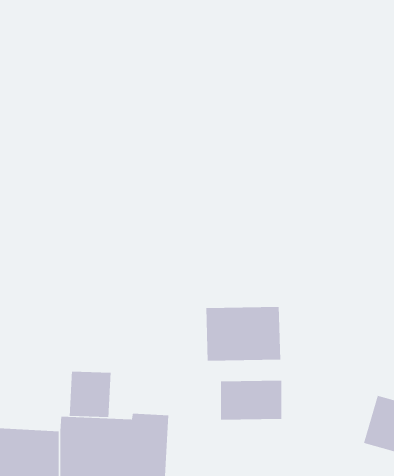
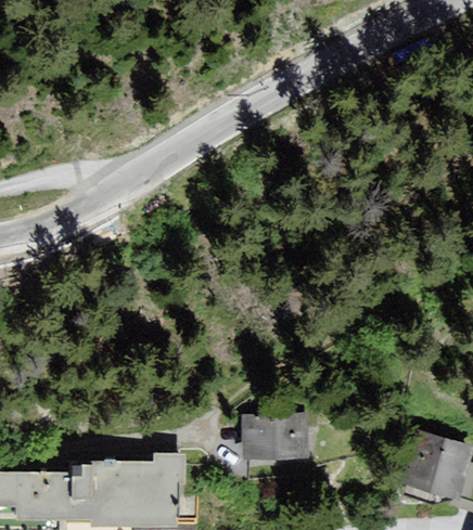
building: [206,306,281,361] -> none
building: [69,371,111,418] -> none

